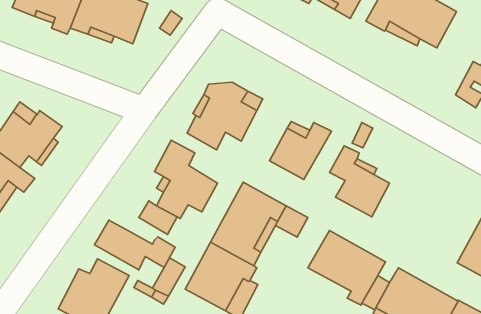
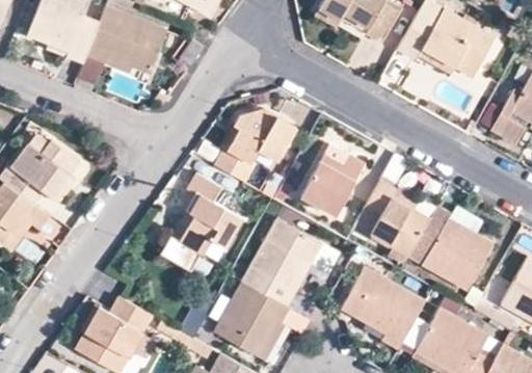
building: none -> [406,205,488,285]
building: [94,220,175,270] -> none

